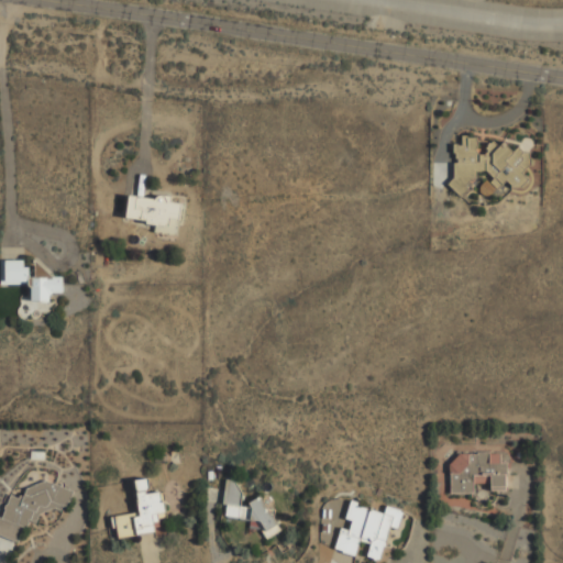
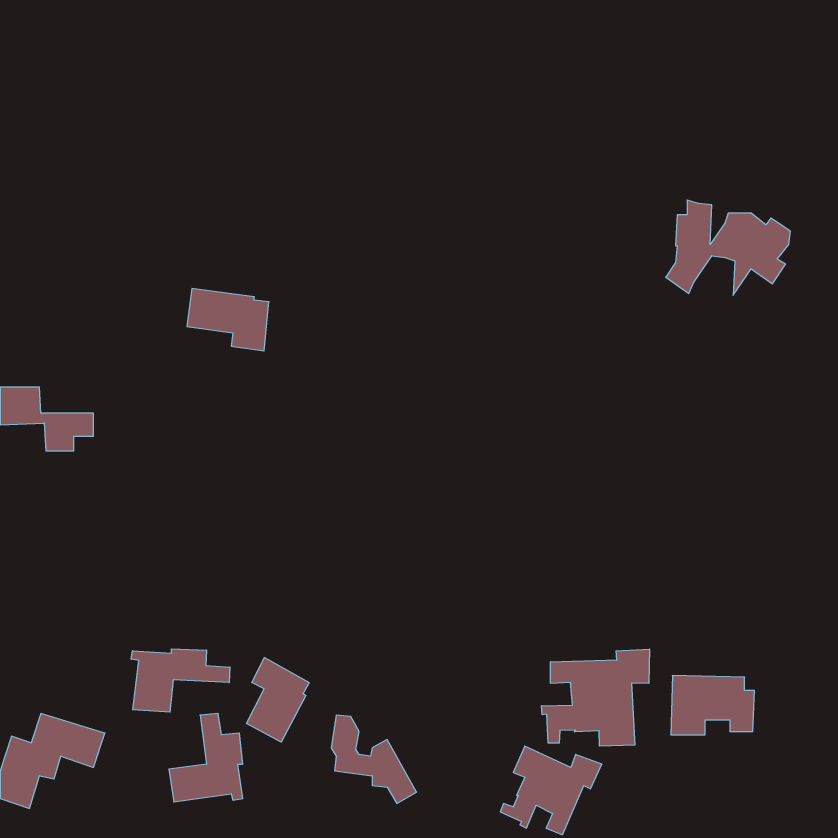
building: none -> [131,649,230,712]
building: none -> [542,649,650,746]
building: none -> [246,658,309,742]

